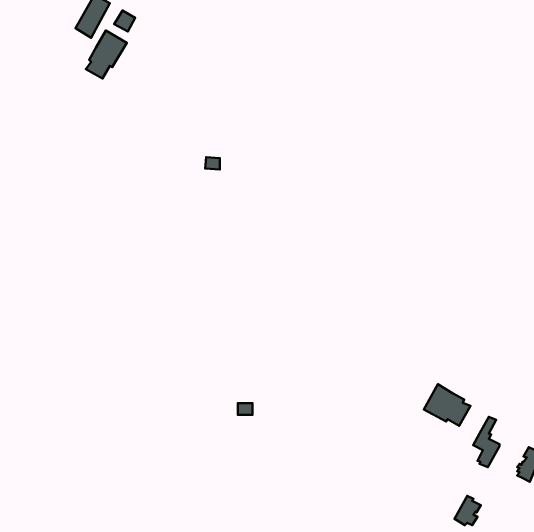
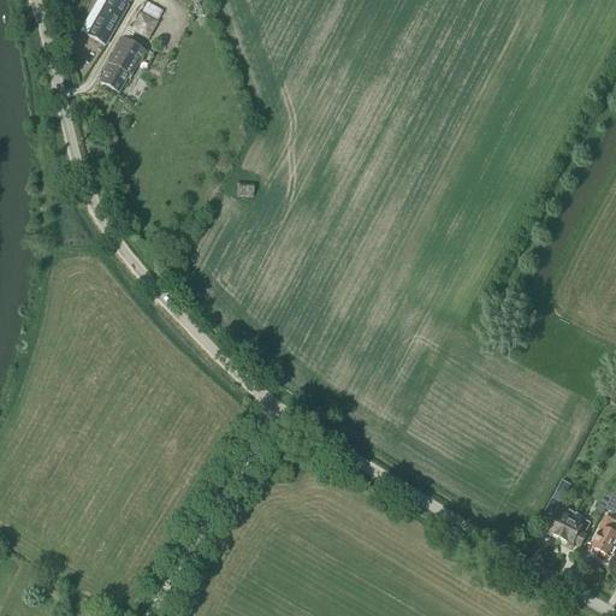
building: [424,384,470,426] -> none
building: [455,496,481,525] -> [562,510,592,544]

